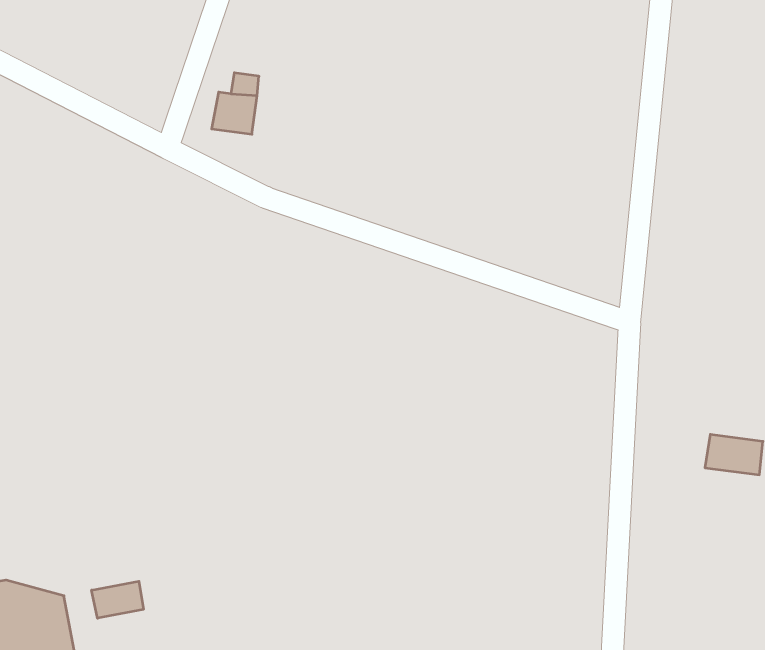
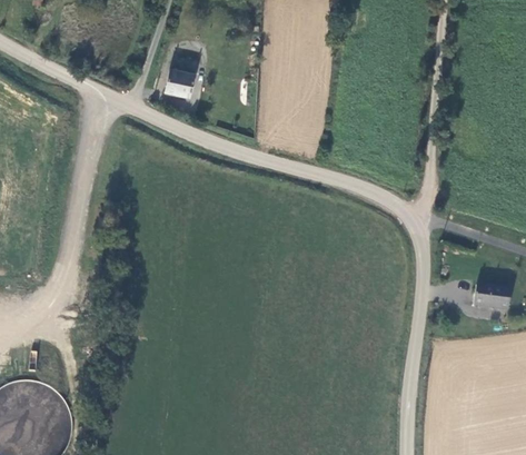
building: [92,581,143,618] -> none

